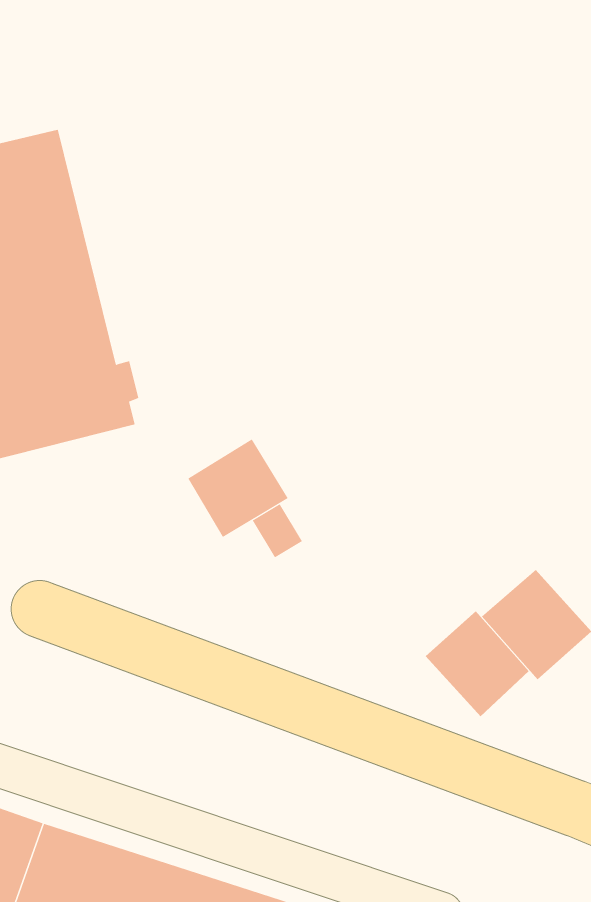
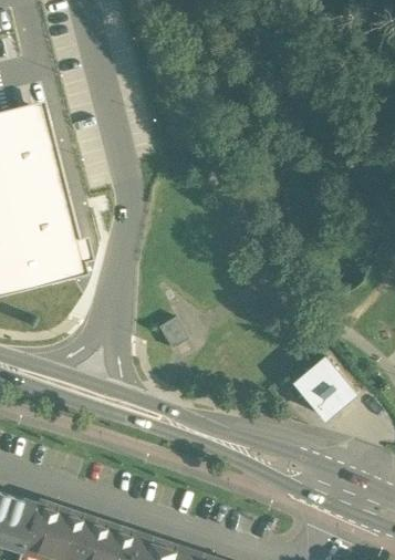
building: [188,438,289,538] -> none
building: [425,610,530,717] -> none

